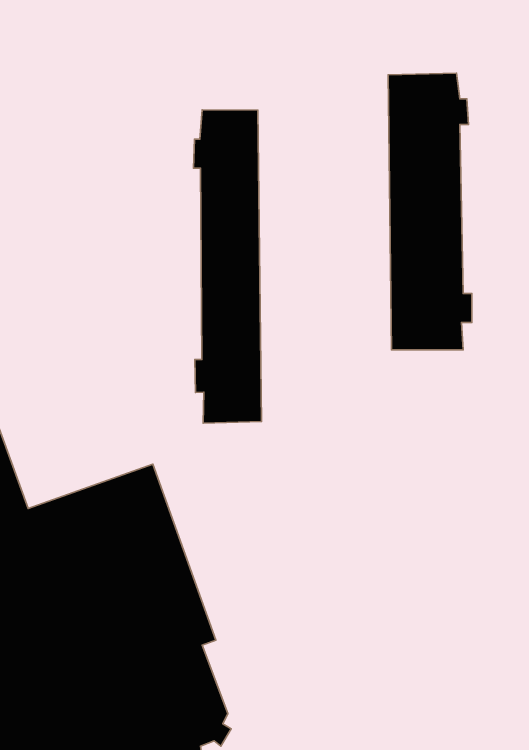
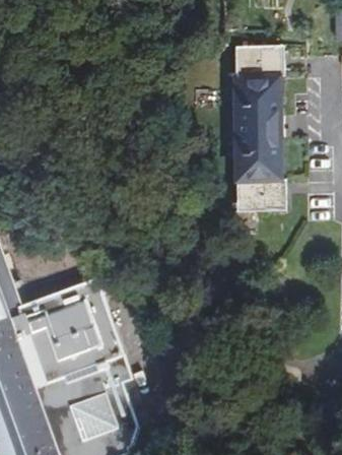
building: [194,110,262,423] -> none

